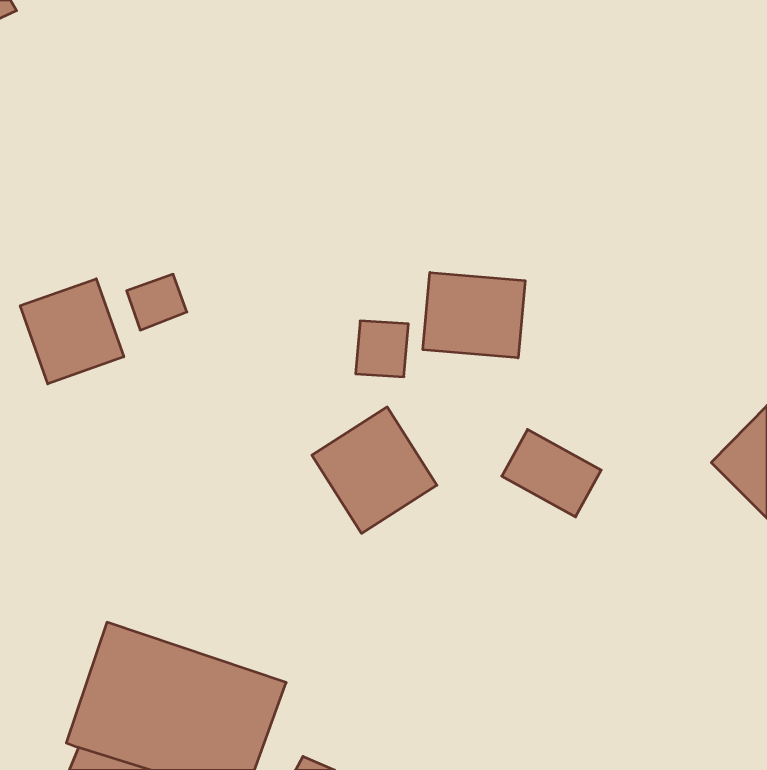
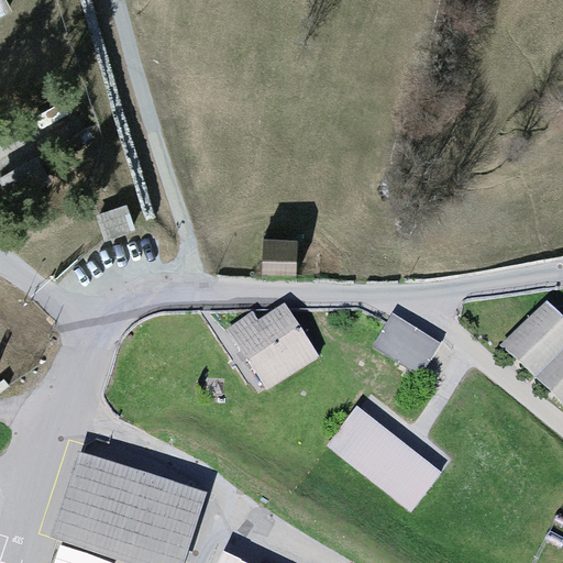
building: [423,272,525,358] -> none
building: [20,279,124,384] -> none
building: none -> [322,399,443,512]

